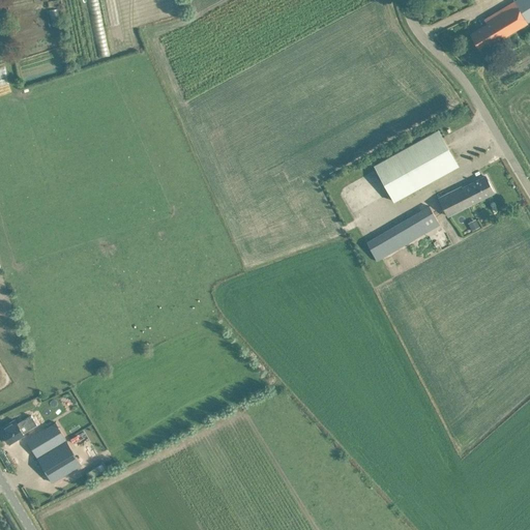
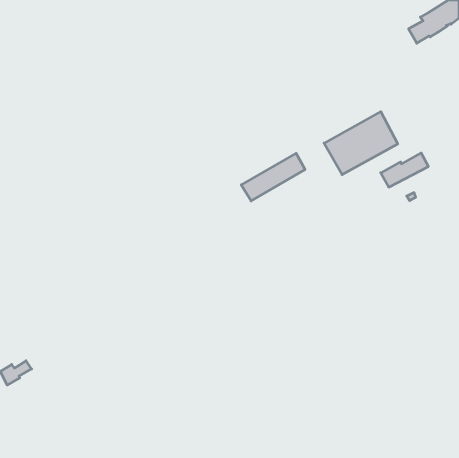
building: [365,207,439,262] -> [241,153,305,201]
building: [26,417,81,484] -> none

